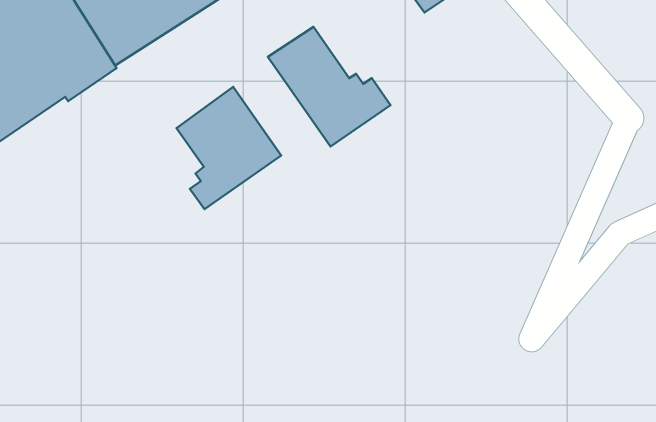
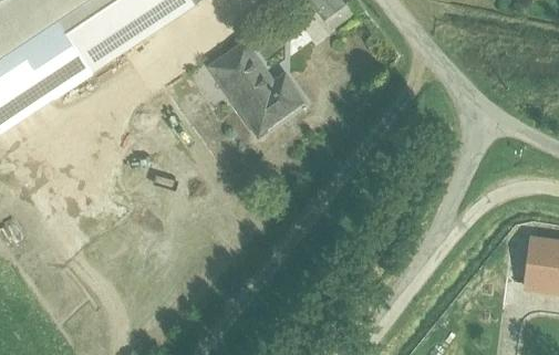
building: [176,87,281,209] -> none

